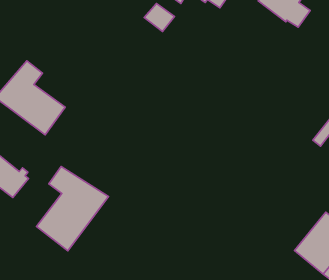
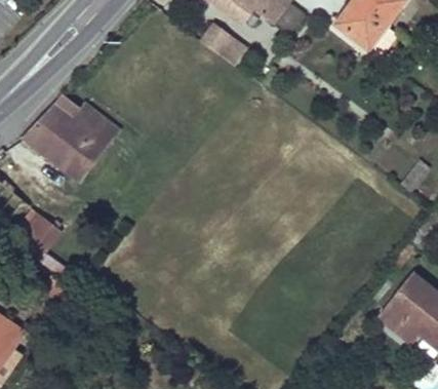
building: none -> [71,104,120,147]
building: [37,167,108,251] -> none

